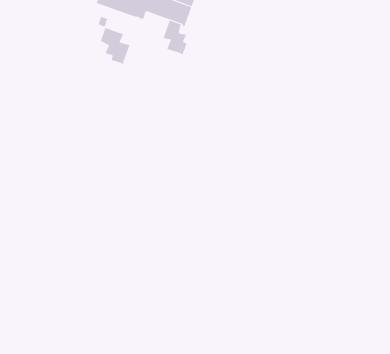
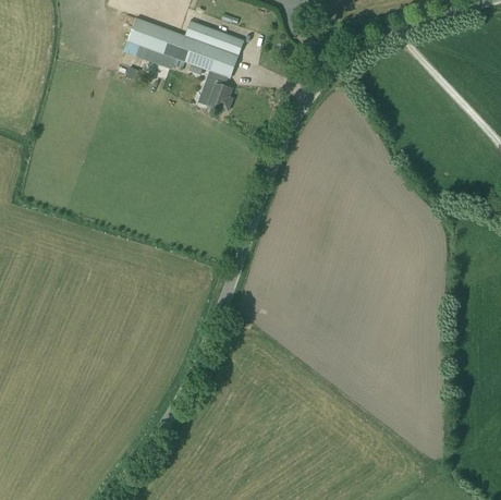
building: [100,27,130,65] -> none

